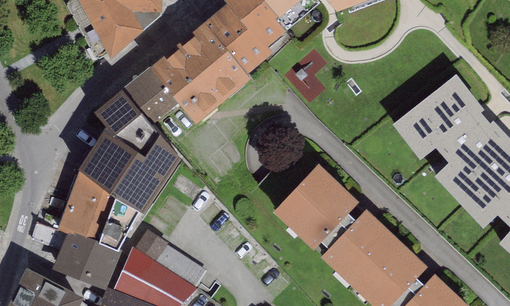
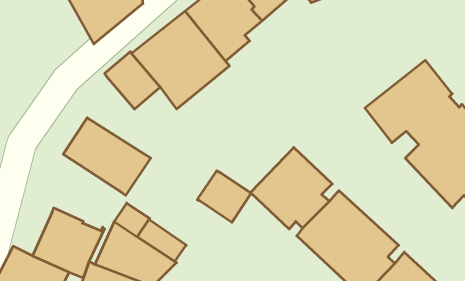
building: [95,91,180,176] -> none
building: [57,172,140,252] -> none
building: none -> [197,171,251,222]

